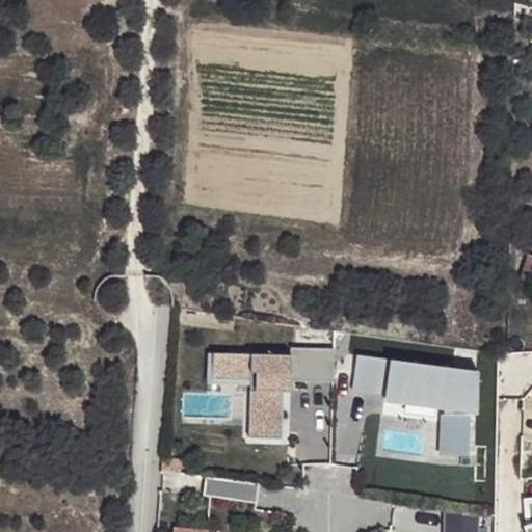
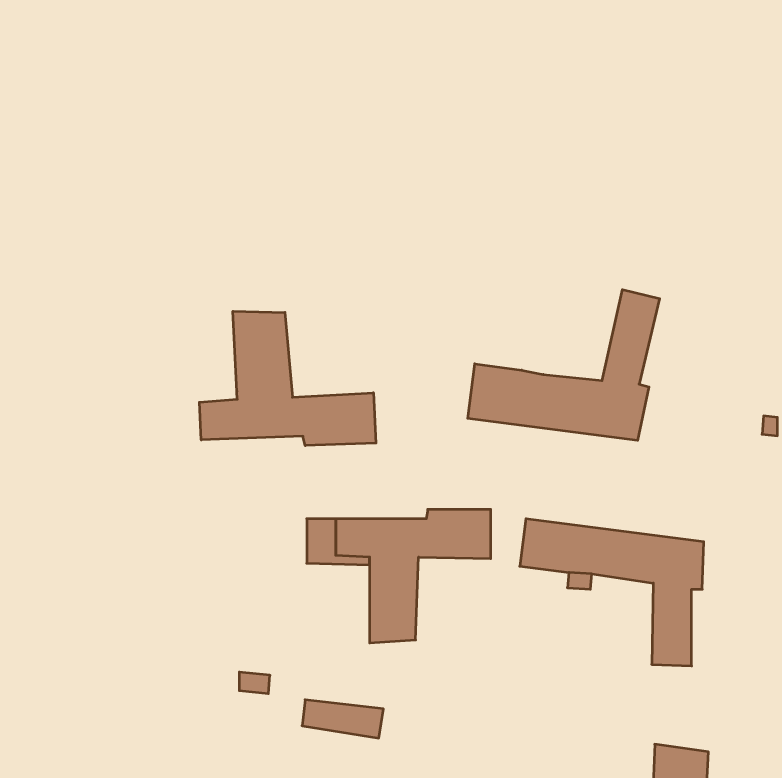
building: none -> [468,290,660,440]
building: none -> [199,311,376,446]

